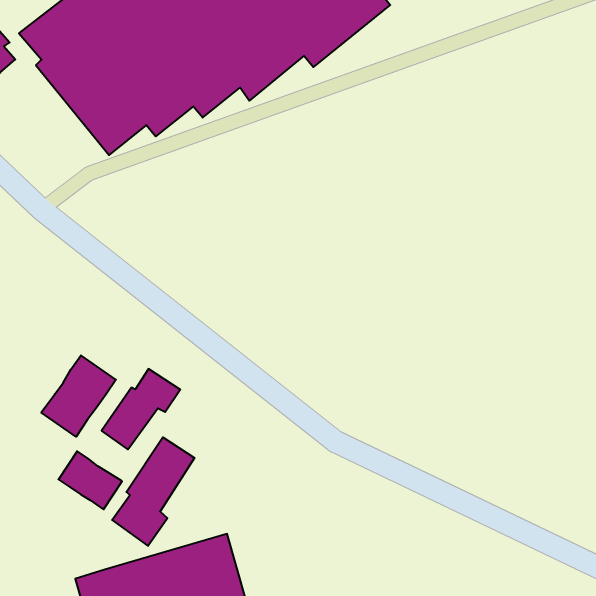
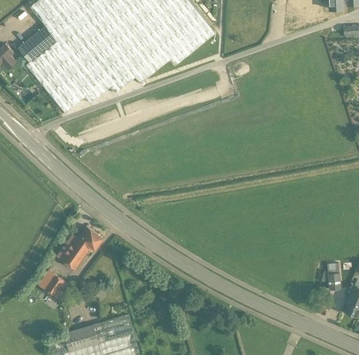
building: [41,355,116,437] -> none
building: [112,437,194,546] -> none

